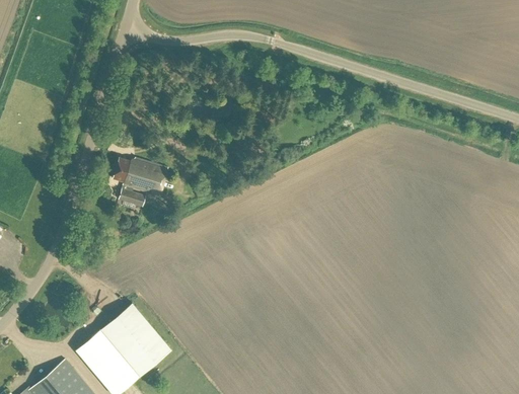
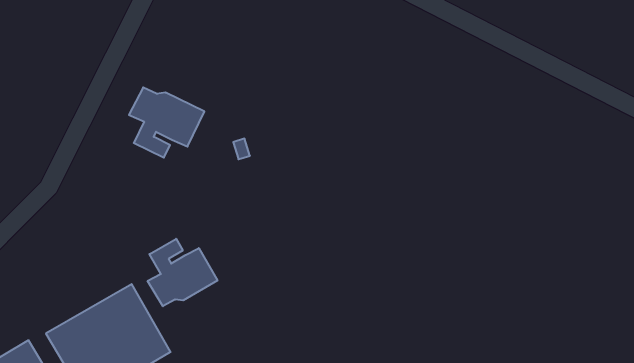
building: none -> [148,239,217,306]

